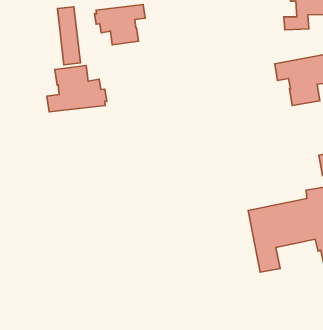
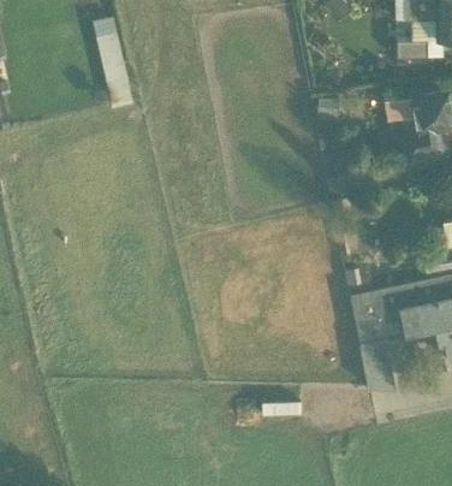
building: [95,5,145,45] -> none
building: [47,65,107,112] -> none

